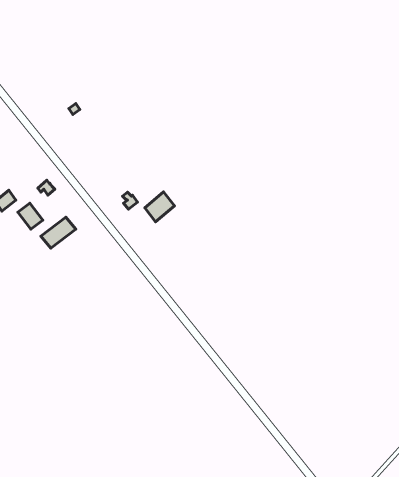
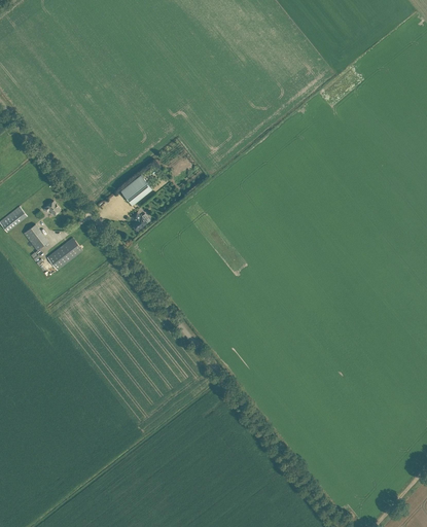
building: [145,192,175,222] -> [120,174,151,205]

